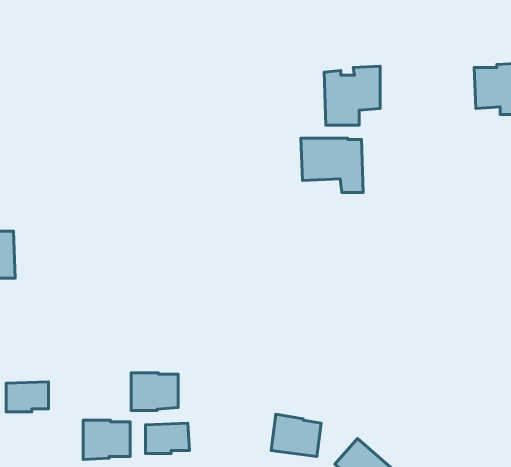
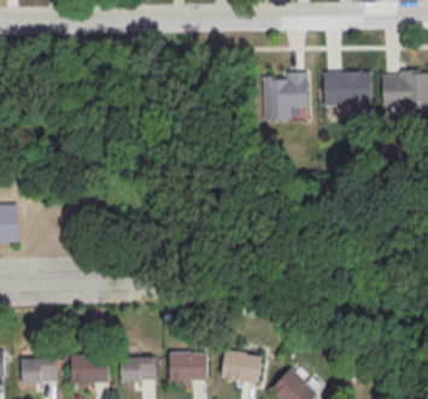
building: [301,138,363,193] -> [322,72,371,116]
building: [131,373,178,411] -> [169,353,206,383]
building: [6,382,49,412] -> [22,360,55,385]

